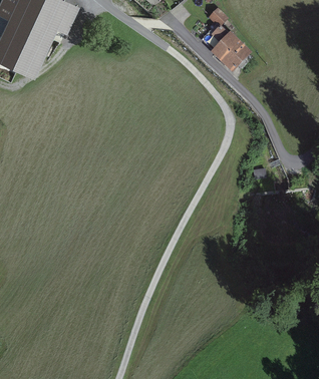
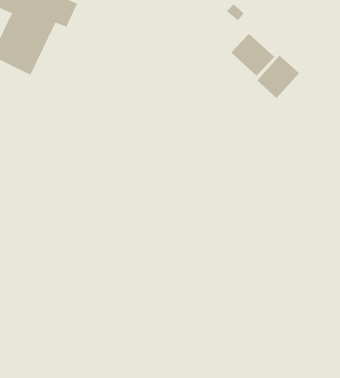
building: none -> [256,55,300,99]

